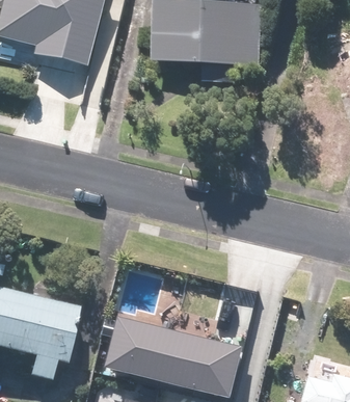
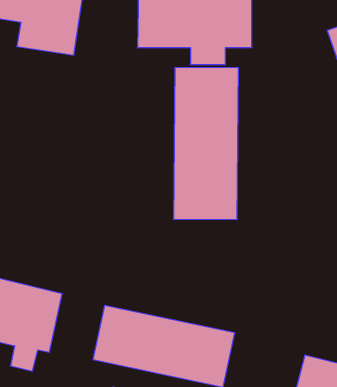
building: none -> [174,67,238,220]

